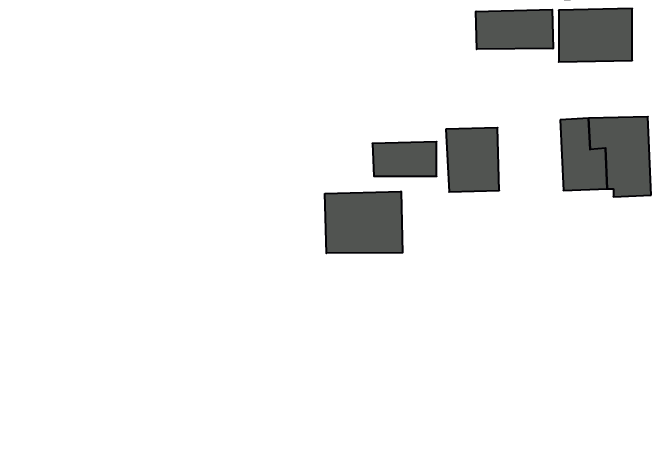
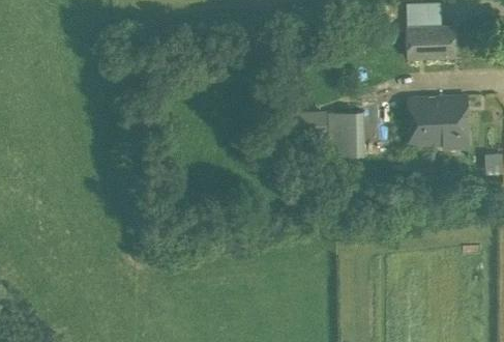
building: [476,10,553,49] -> none
building: [325,191,403,253] -> none

